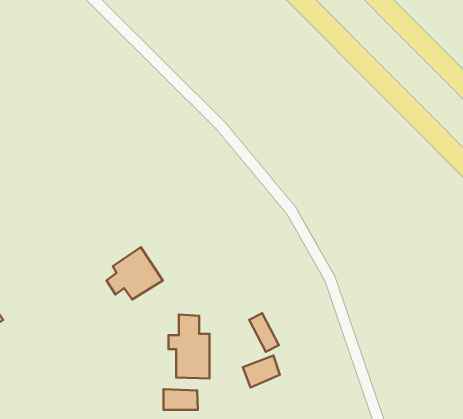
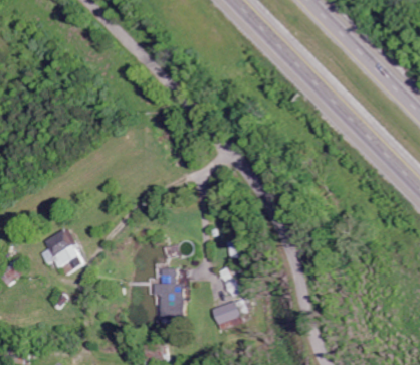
building: [106,247,163,300] -> [40,228,84,269]
building: [164,389,198,410] -> none

